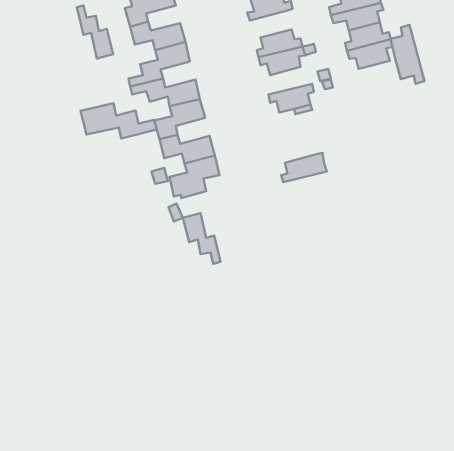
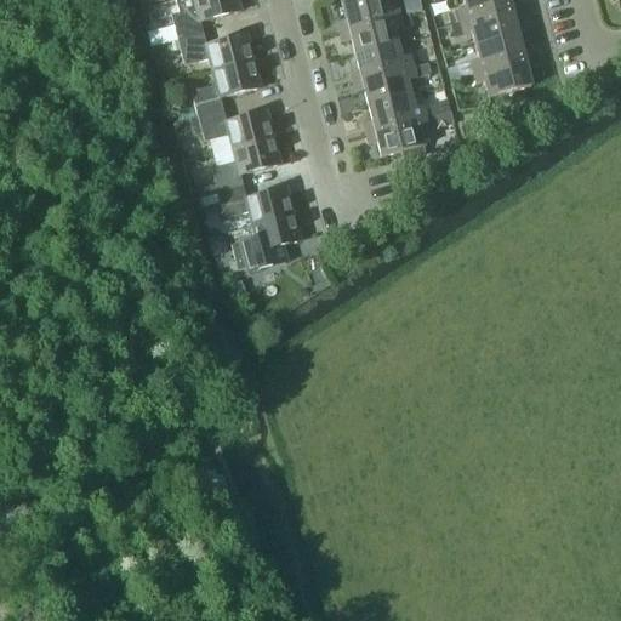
building: [77,5,113,59] -> none
building: none -> [342,12,404,51]
building: [391,25,424,84] -> none
building: [80,103,157,139] -> none
building: [281,153,327,182] -> [365,89,427,129]
building: [183,213,221,264] -> none

